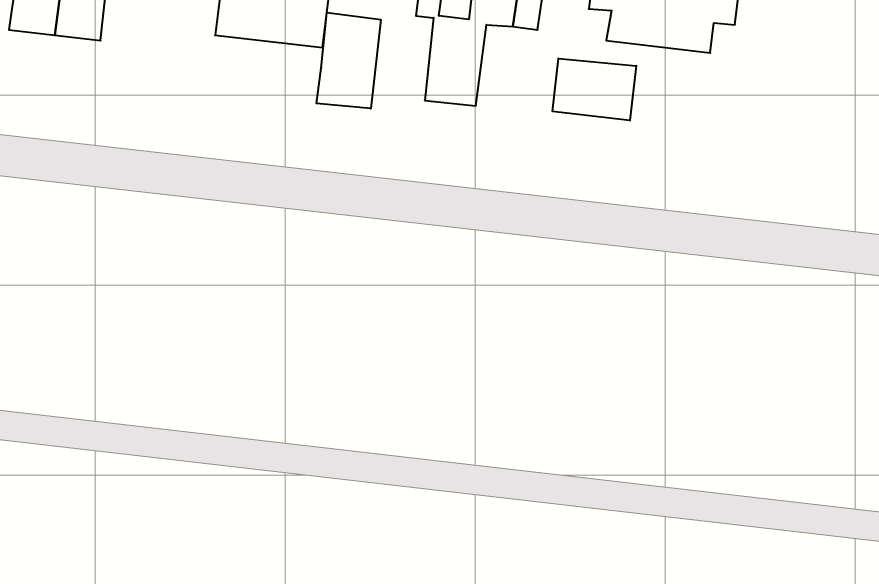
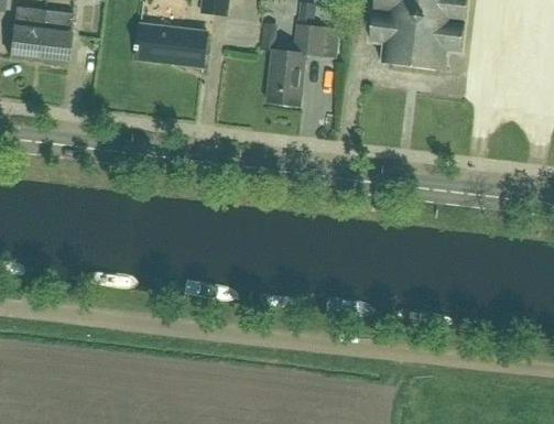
building: [316,13,381,109] -> none
building: [553,58,636,121] -> none

